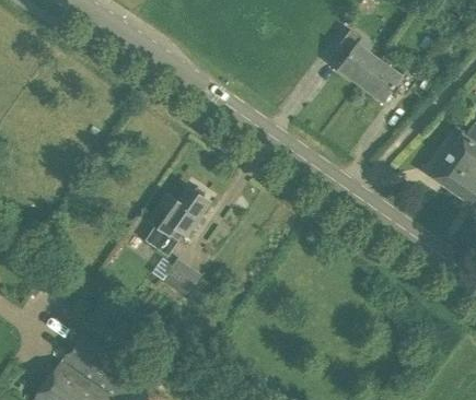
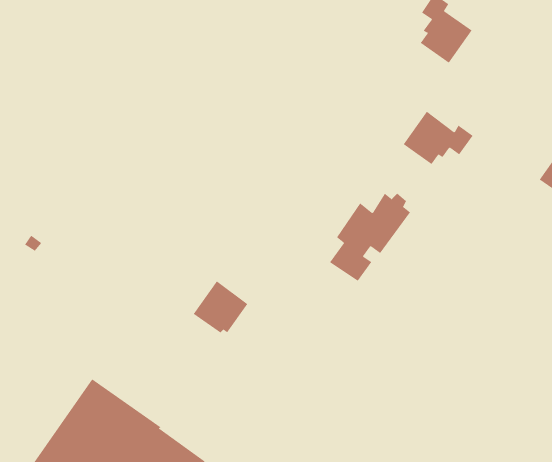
building: [360,57,416,99] -> [403,111,473,165]
building: [143,184,208,254] -> [329,193,411,281]

